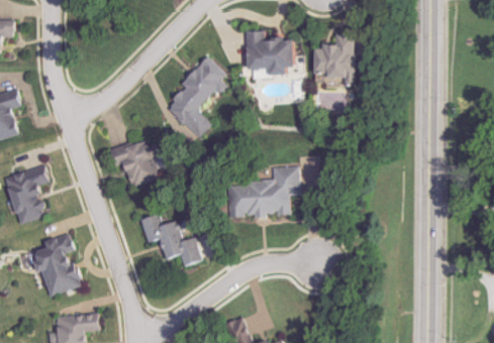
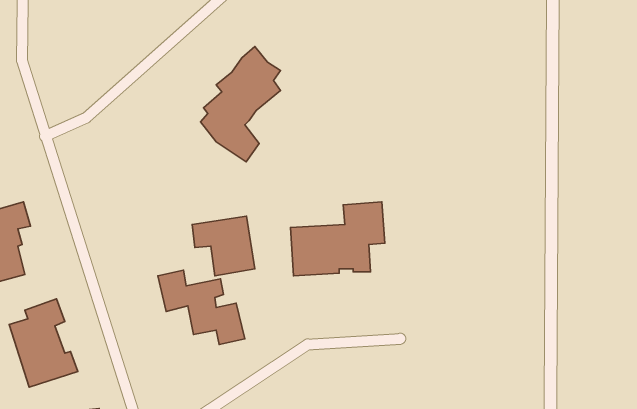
building: [246,33,295,75] -> none
building: [313,33,354,86] -> none
building: [111,143,156,186] -> [192,216,255,276]

